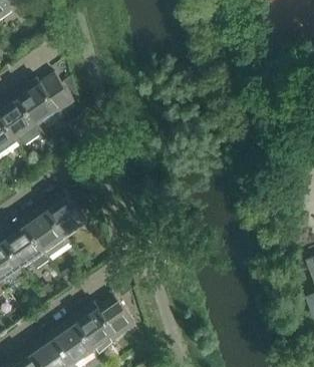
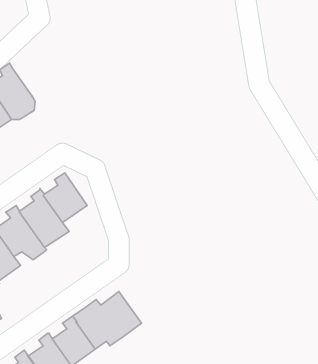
building: [21,74,76,123] -> none

